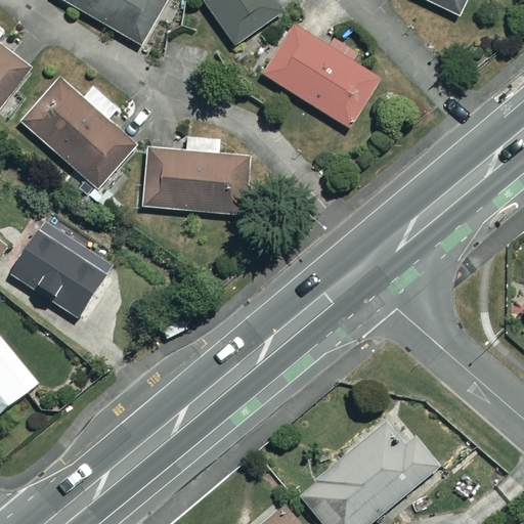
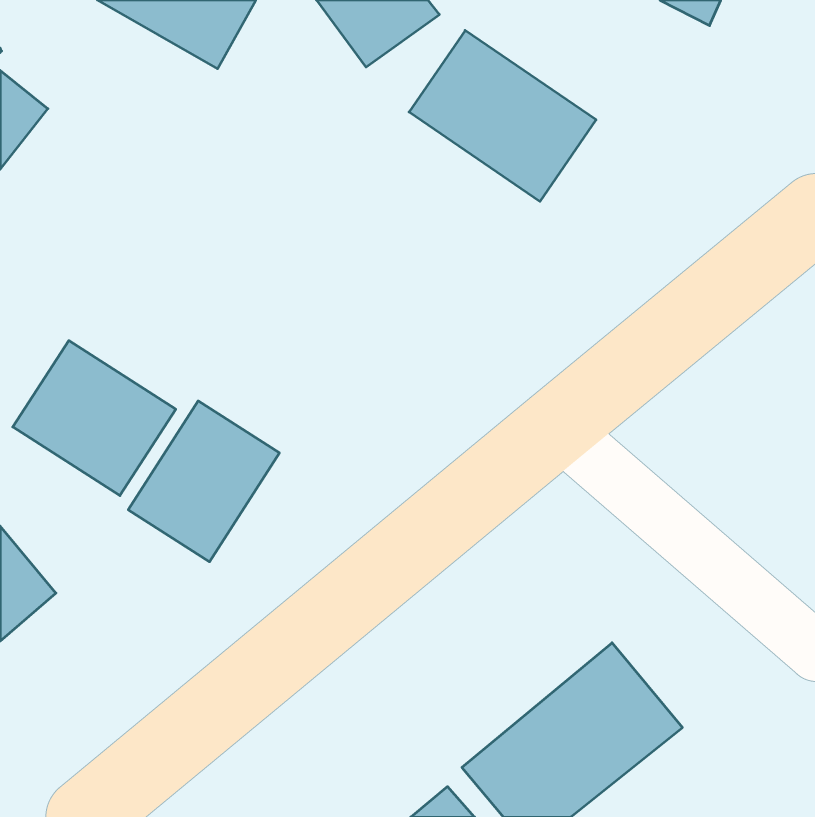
building: [23,81,134,187] -> none
building: [140,137,249,215] -> none
building: none -> [128,401,279,562]

